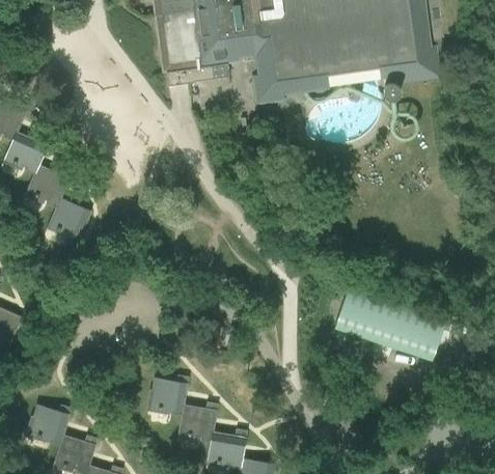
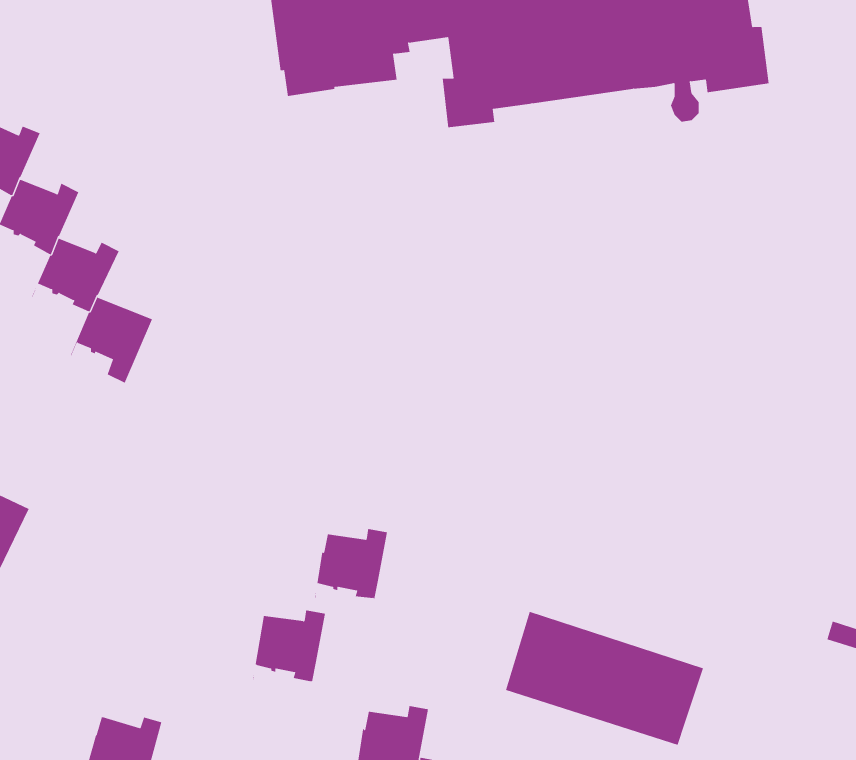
building: [334,285,446,361] -> [505,611,704,745]
building: [176,402,218,443] -> [314,528,388,600]
building: [26,406,72,446] -> none

